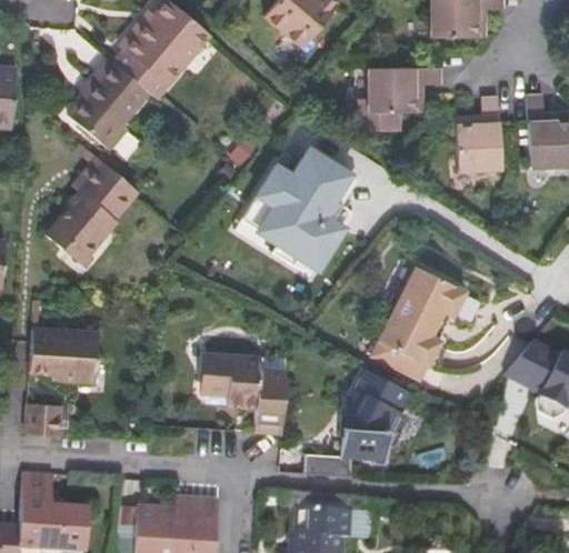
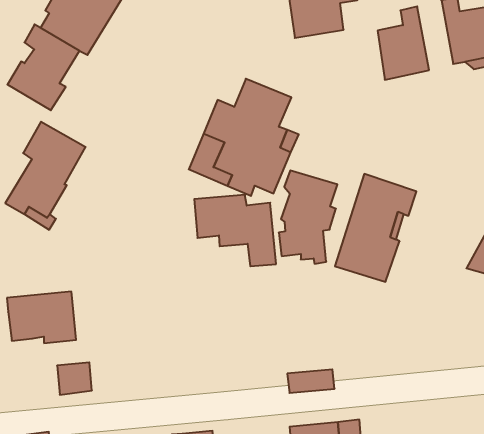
building: [206,353,286,433] -> [194,195,276,266]
building: [340,365,409,464] -> [279,170,337,264]
building: [26,403,61,434] -> [57,362,92,395]

